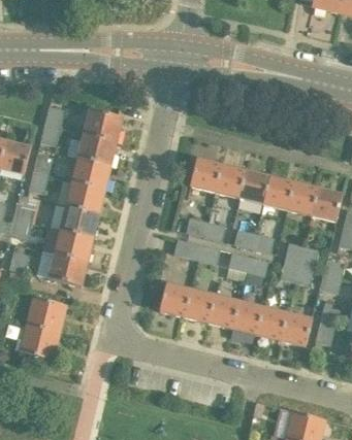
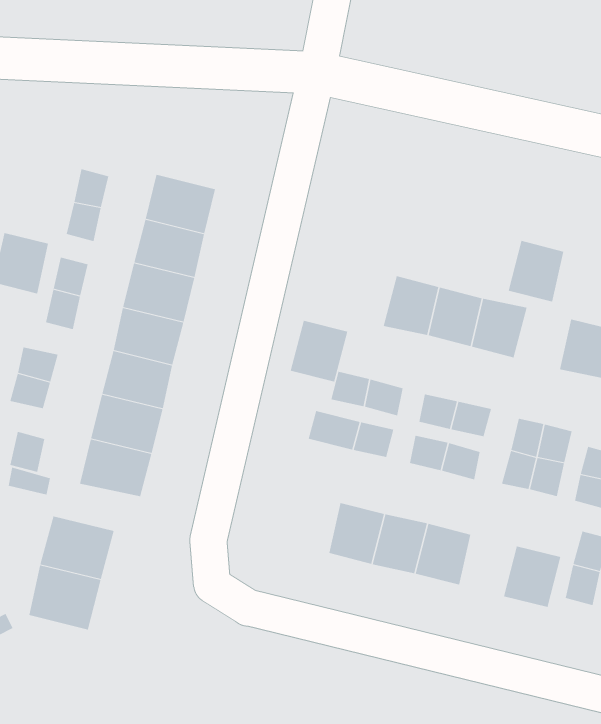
building: [189,158,221,192] -> [290,320,348,382]
building: [286,181,317,215] -> [508,240,564,302]
building: [159,282,190,316] -> none
building: [256,306,287,340] -> none

